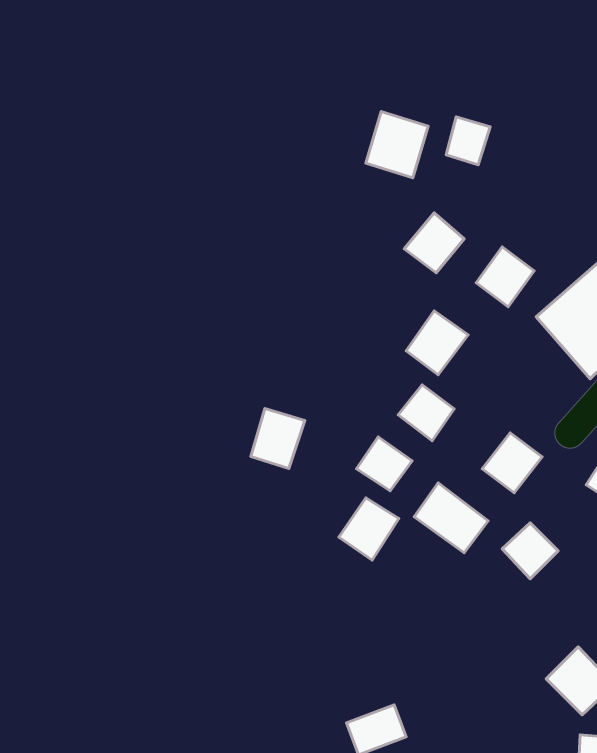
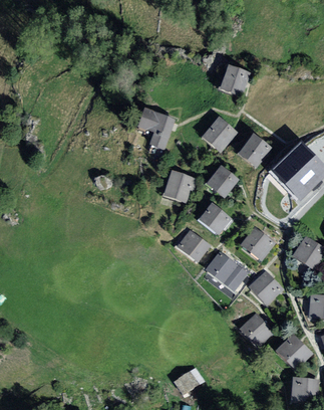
building: [366,112,428,178] -> none
building: none -> [140,110,173,146]
building: [251,408,305,468] -> [165,170,192,200]
building: [339,498,399,560] -> none
building: none -> [242,314,273,346]

